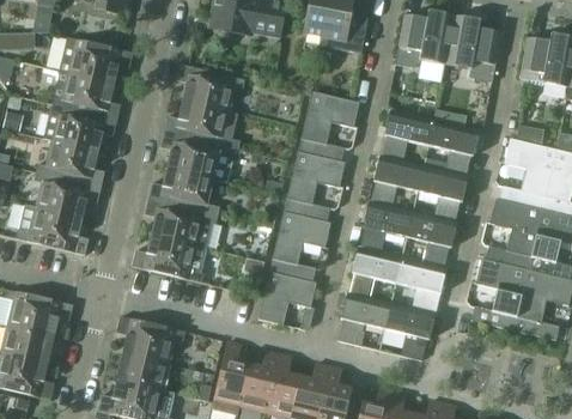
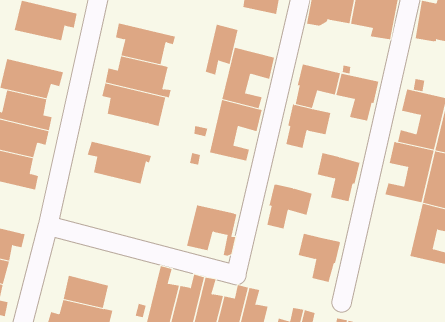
building: none -> [205,24,238,75]
building: [51,72,121,120] -> none
building: [418,166,468,223] -> none
building: [148,168,220,215] -> none
building: [360,201,413,253] -> none
building: [269,212,330,281] -> none
building: [132,235,206,283] -> none
building: [396,259,446,314] -> none
building: [470,259,528,330] -> none
building: [337,293,391,346] -> none
building: [116,316,185,364] -> none

